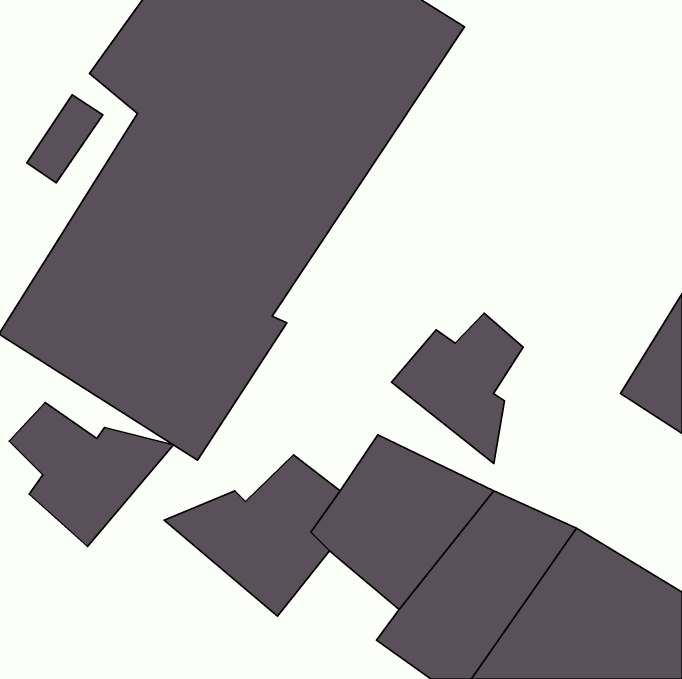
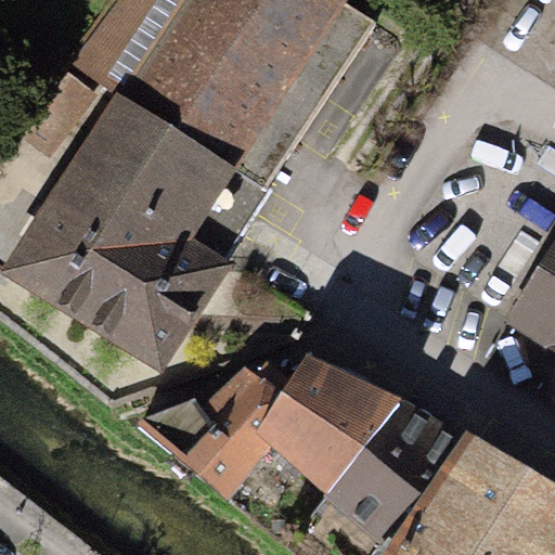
building: [392,313,523,464] -> none
building: [9,403,174,546] -> none

